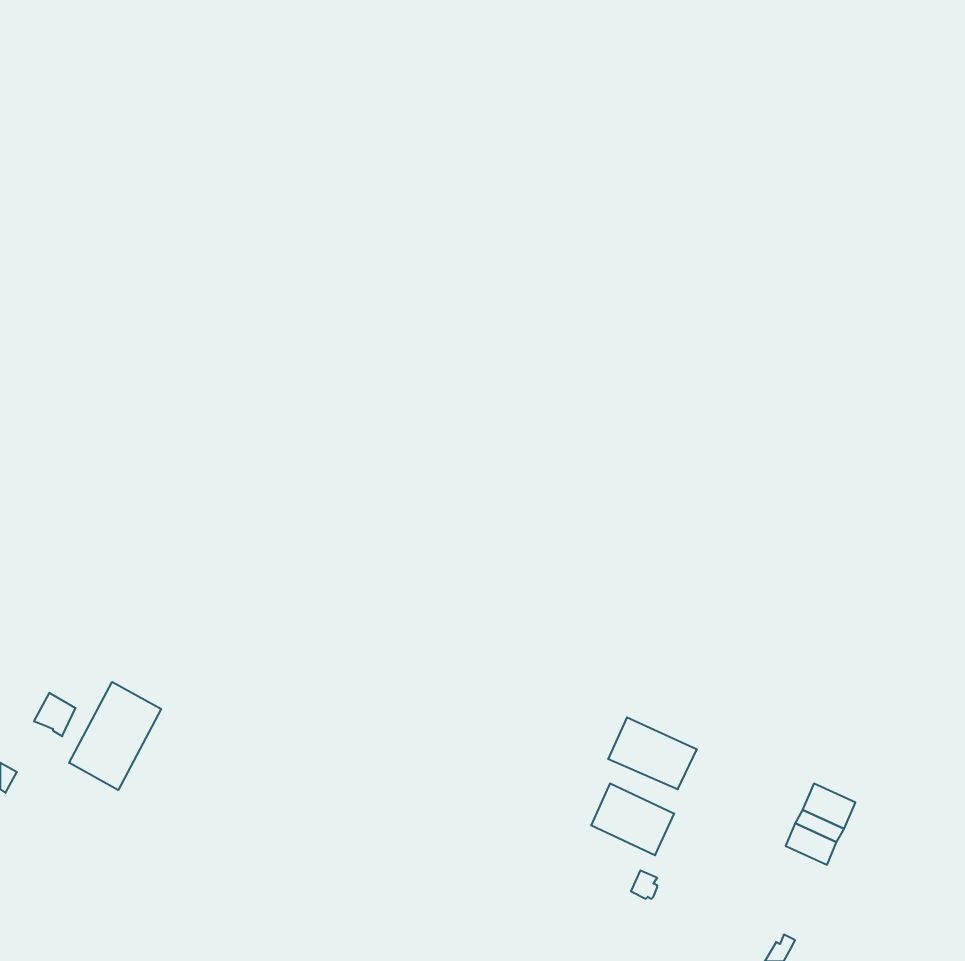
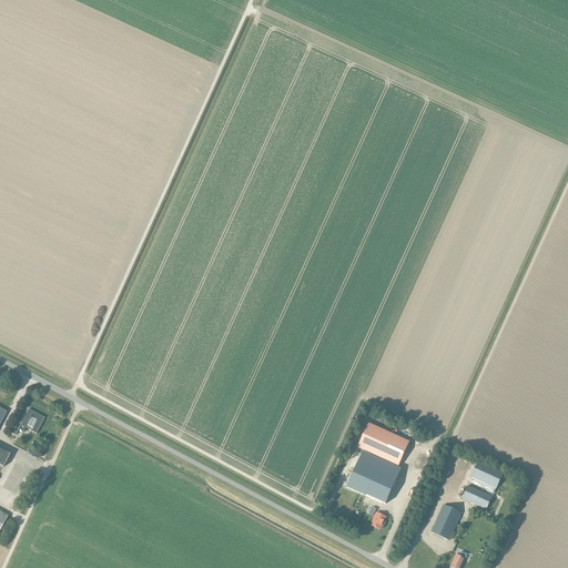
building: [69,682,161,790] -> none
building: none -> [430,504,462,539]

